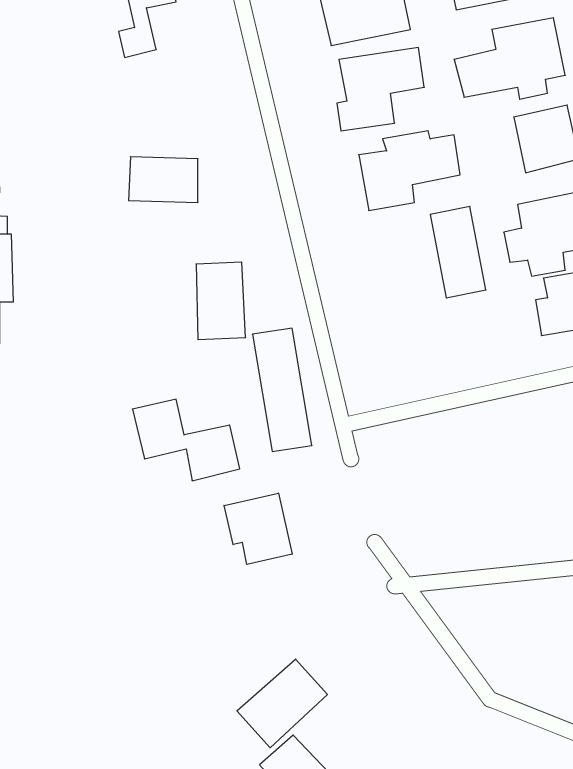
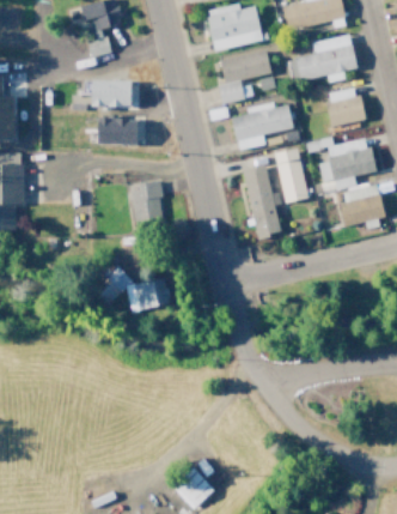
building: none -> [90,80,132,108]
building: [252,328,312,451] -> [245,164,281,238]
building: [224,493,292,564] -> none
building: [237,659,327,748] -> none

